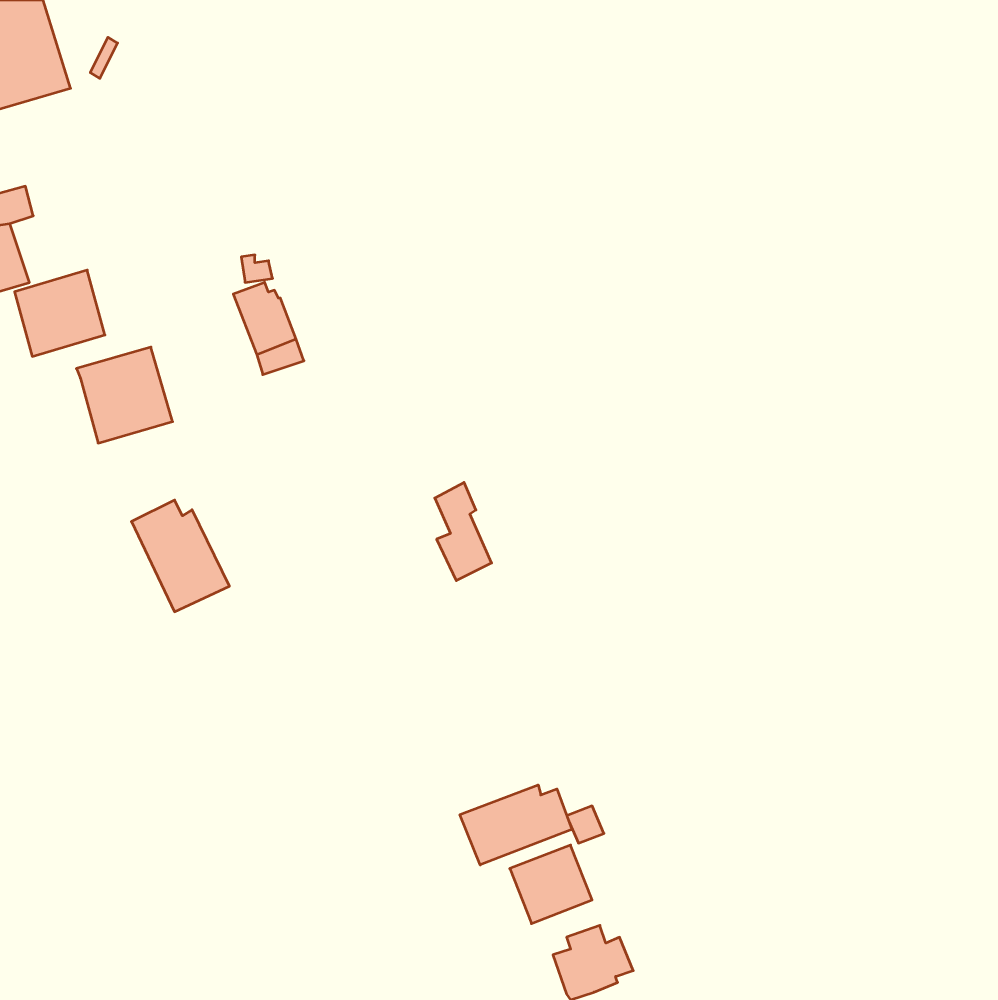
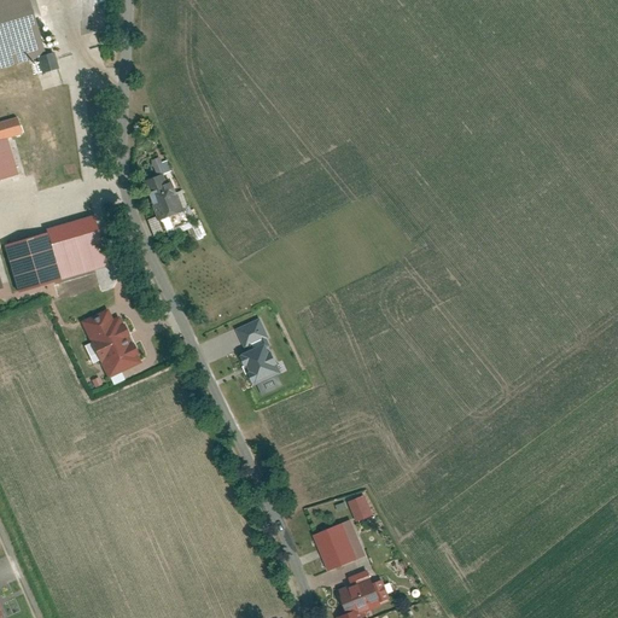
building: [15,270,105,356] -> [5,234,60,287]
building: [435,482,492,581] -> [238,322,273,383]
building: [460,785,572,865] -> none

